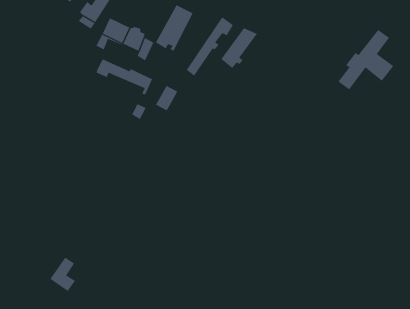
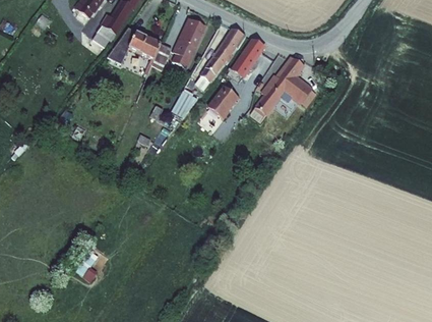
building: [338,29,394,90] -> [256,55,309,112]
building: [96,59,153,95] -> none
building: none -> [207,85,237,117]

